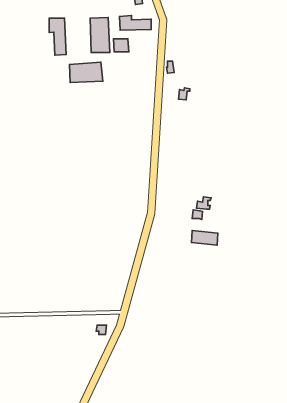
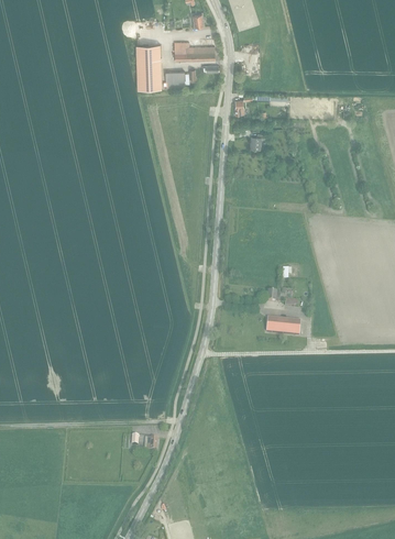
building: [49,18,66,55] -> none
building: [69,62,103,83] -> none

